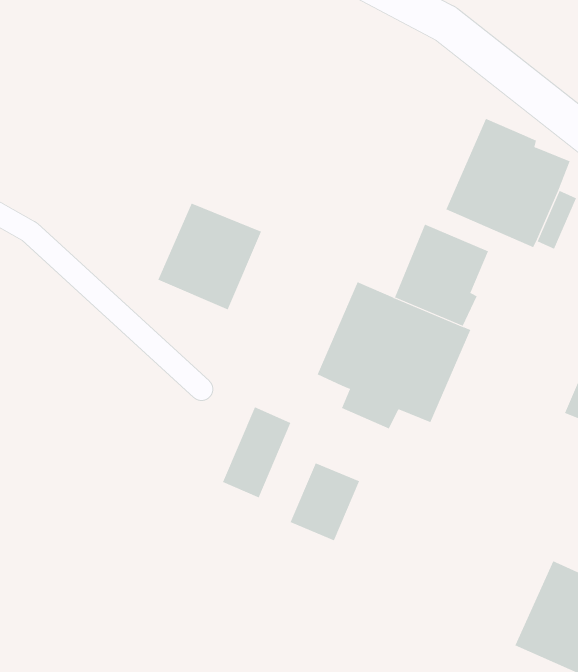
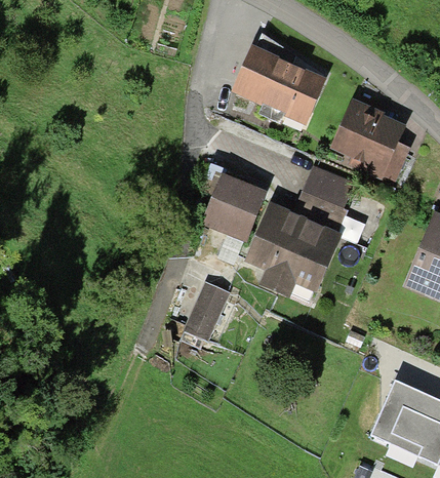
building: none -> [231,43,327,125]
building: [158,203,262,310] -> [201,173,268,242]
building: [290,462,360,541] -> none

